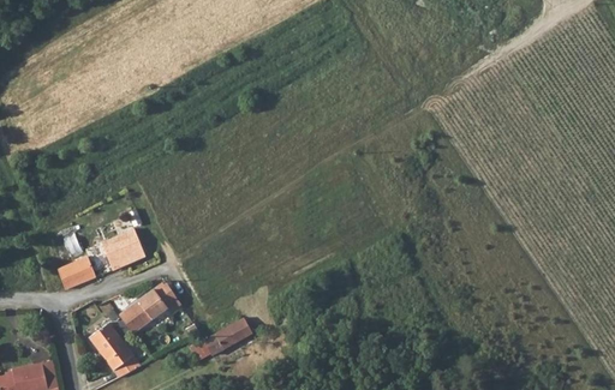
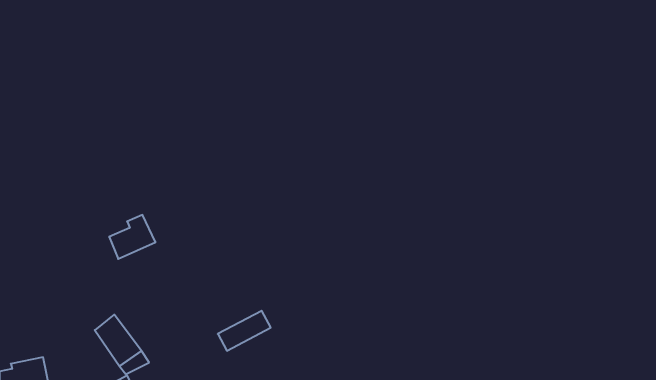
building: [60,254,100,289] -> none
building: [118,282,179,332] -> none

